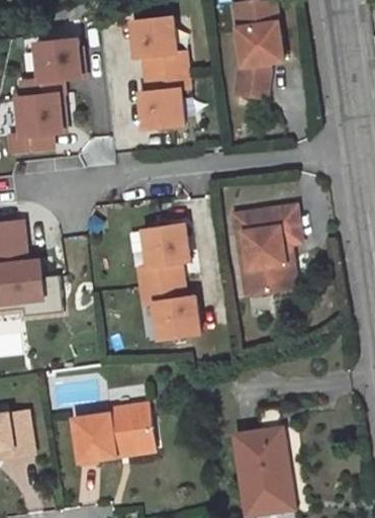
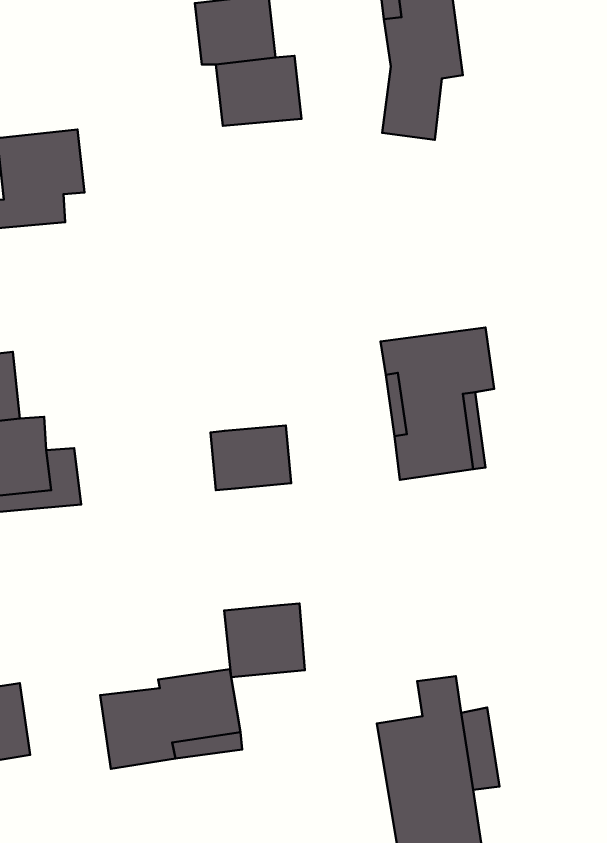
building: [31,36,80,80] -> none
building: [135,87,181,127] -> none
building: [140,224,186,266] -> none
building: [151,295,197,338] -> [224,604,305,677]

